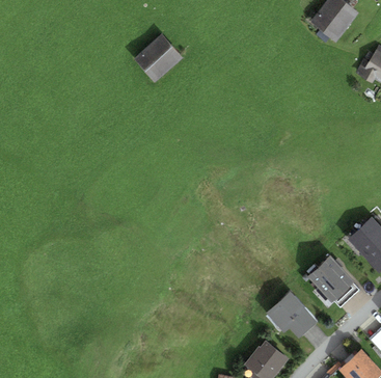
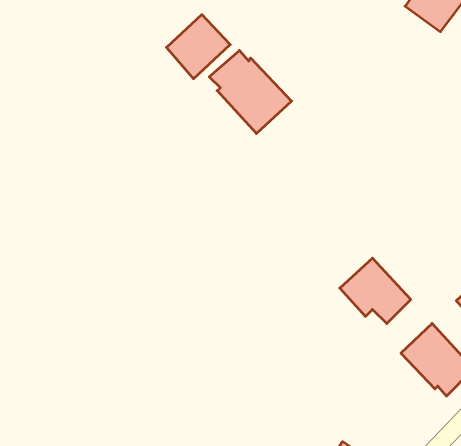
building: none -> [209,50,292,134]
building: [266,292,318,340] -> [340,258,411,324]

